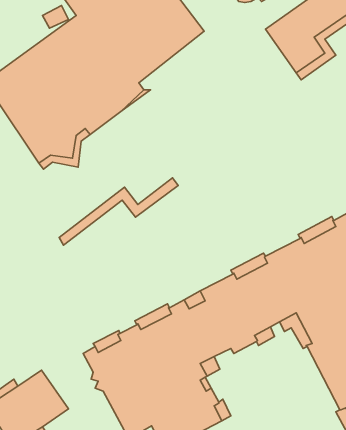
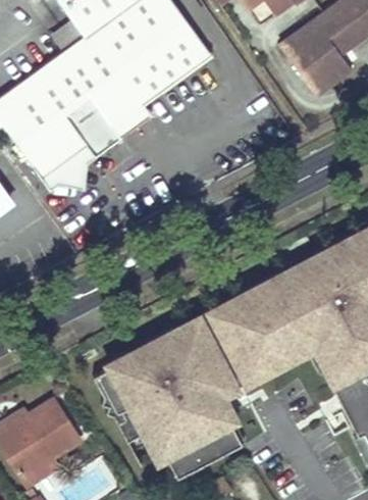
building: [59,178,178,245] -> none

